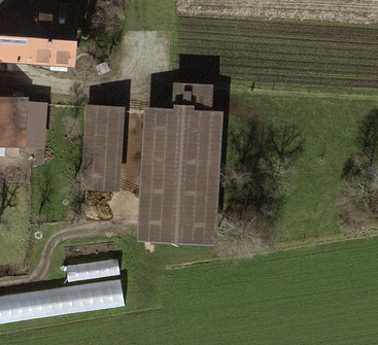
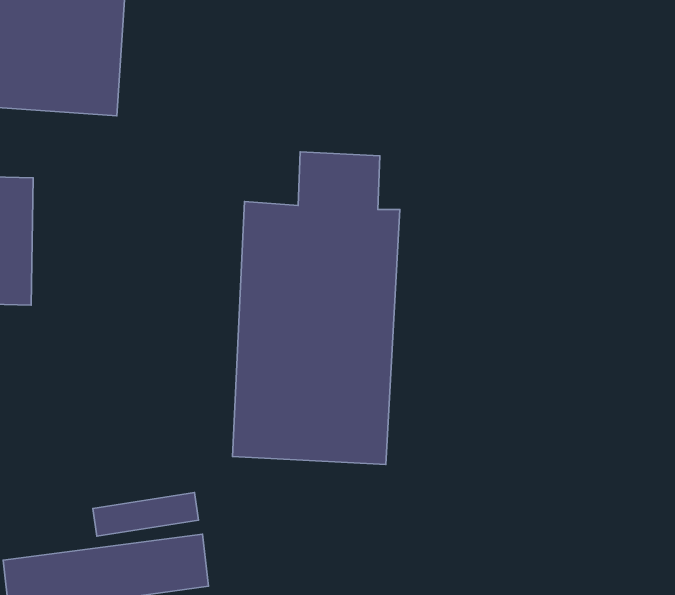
building: [80,104,124,192] -> none

